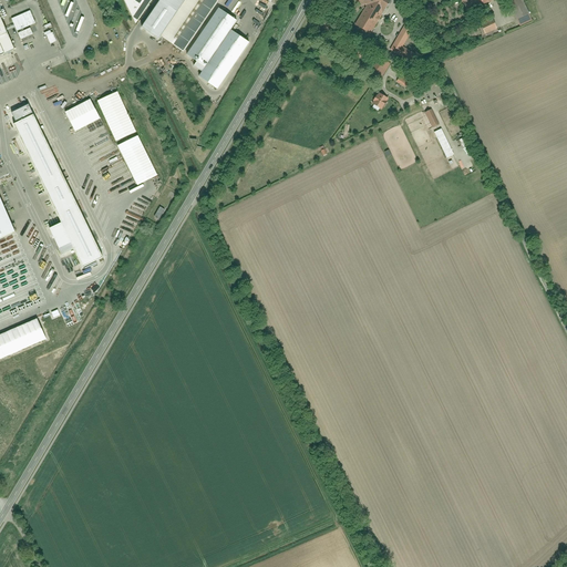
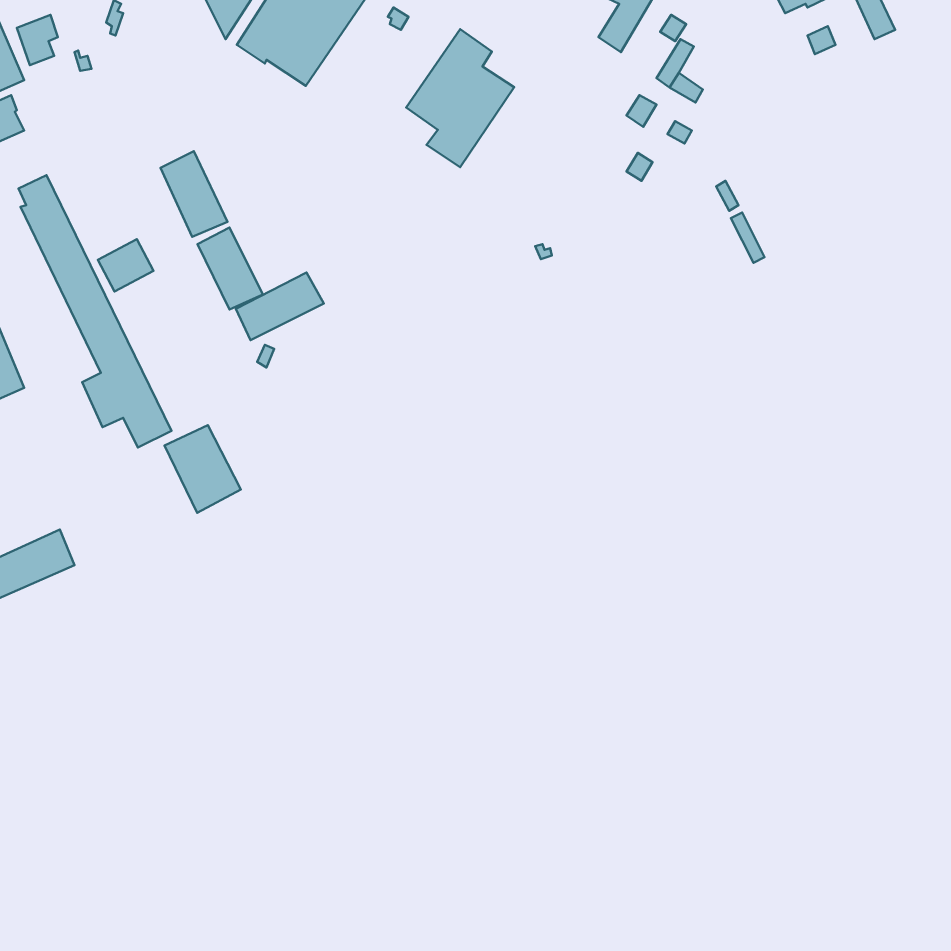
building: [184,7,248,89] -> [406,29,514,167]
building: [65,99,99,130] -> [98,239,154,291]
building: none -> [236,273,324,340]
building: none -> [164,425,241,513]

